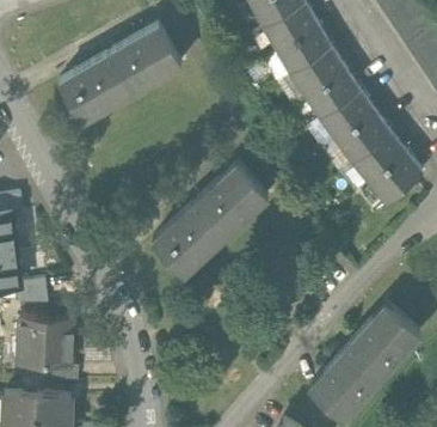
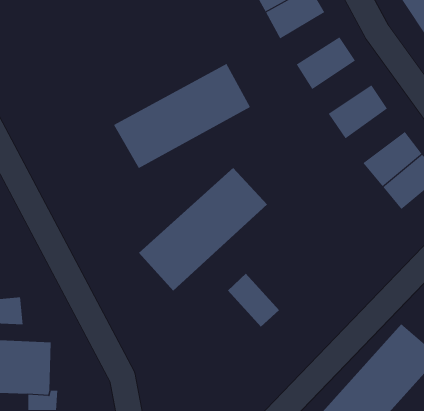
building: [277,28,331,74] -> none
building: [57,29,180,123] -> [113,63,251,169]
building: [306,71,359,118] -> none
building: [336,114,389,163] -> none
building: none -> [227,273,280,327]

